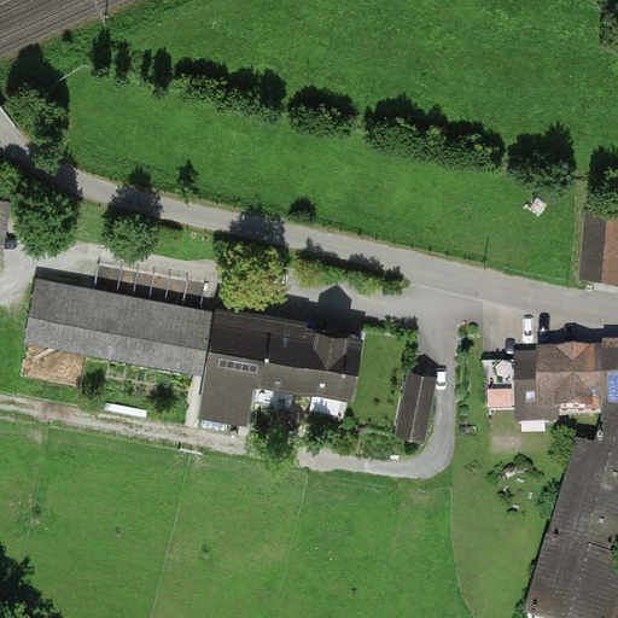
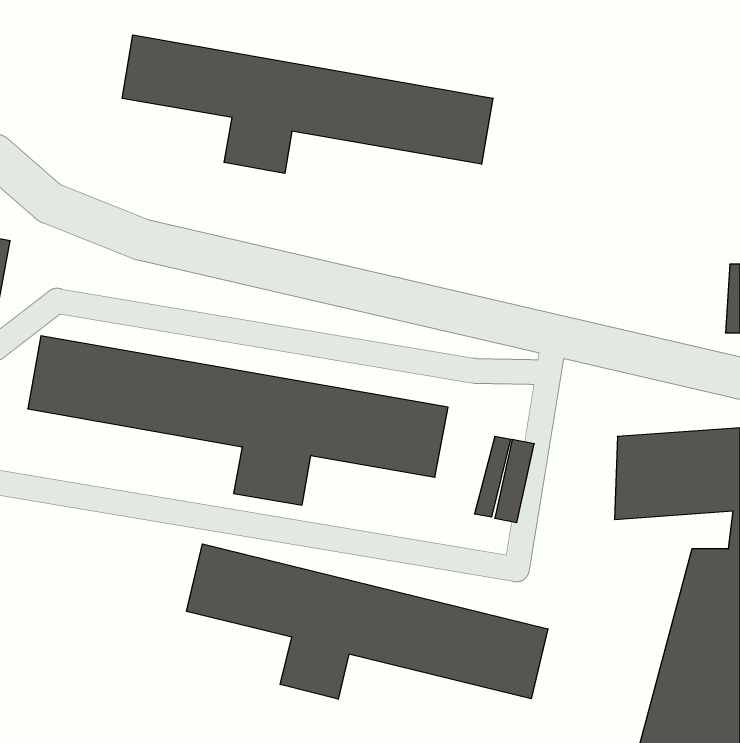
building: none -> [122,35,493,173]
building: none -> [187,544,548,699]

